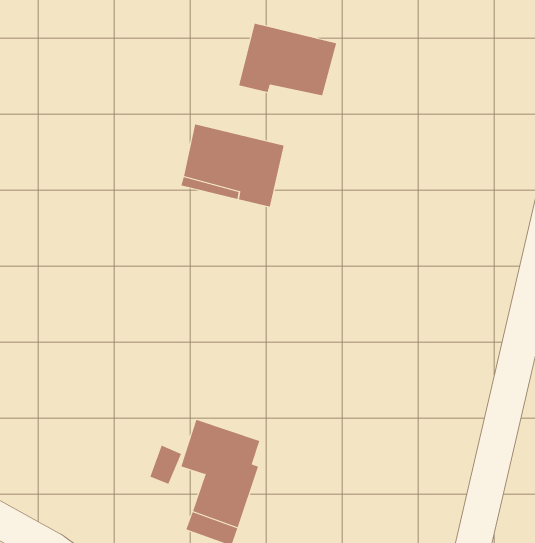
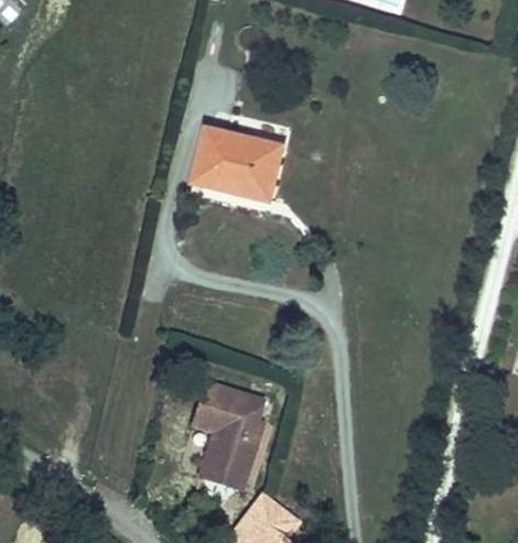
building: [238,23,337,96] -> none

